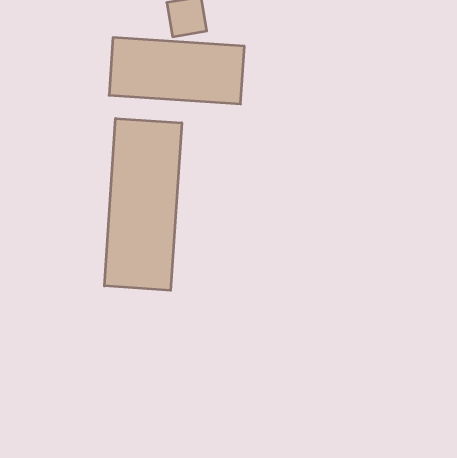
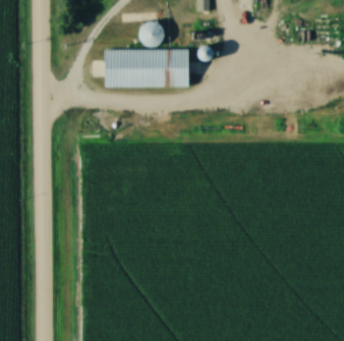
building: [104,118,182,290] -> none

